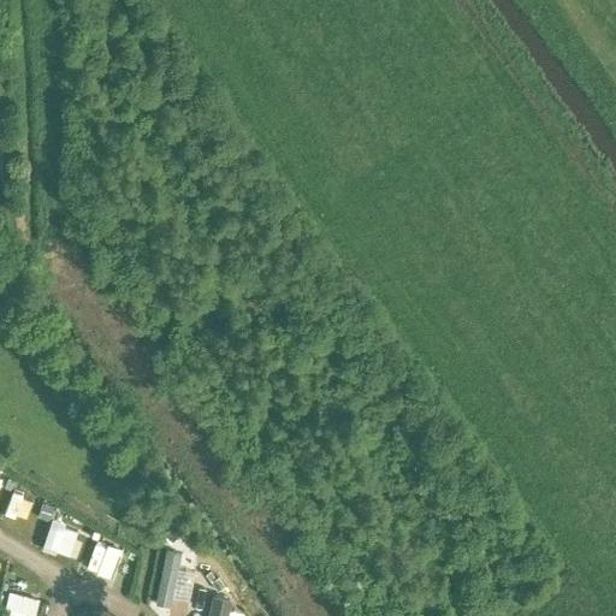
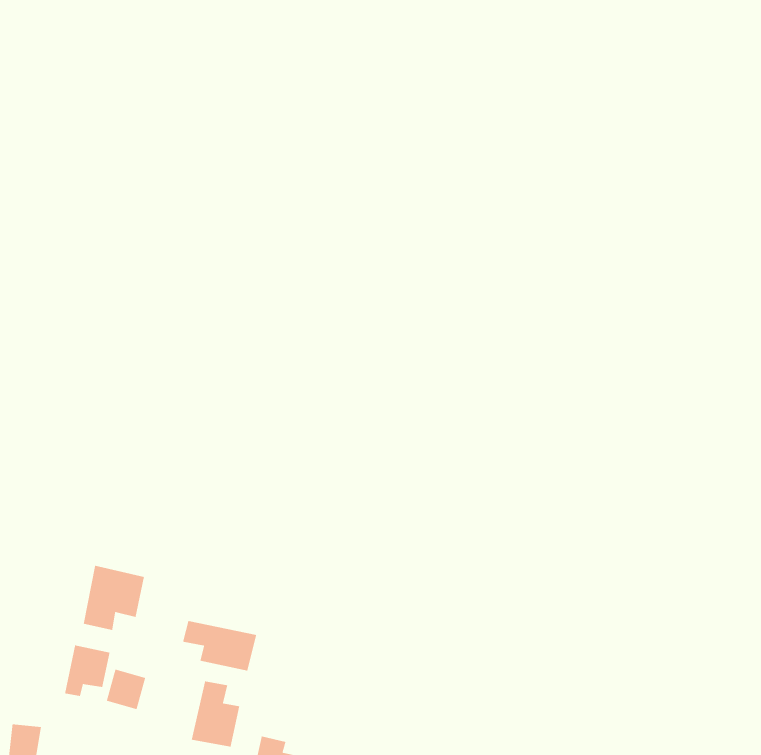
building: none -> [83,565,145,631]
building: none -> [182,620,257,671]

